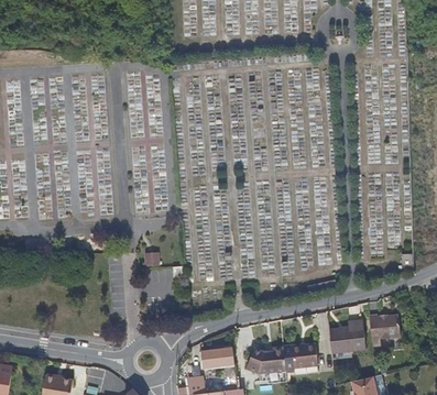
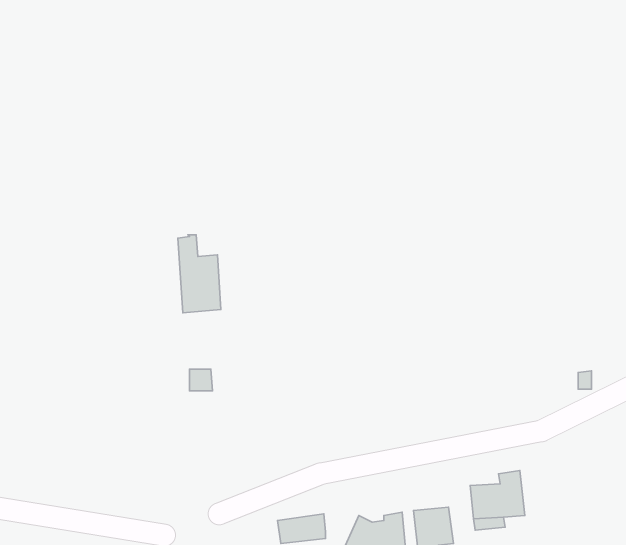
building: [368,315,398,345] -> none

